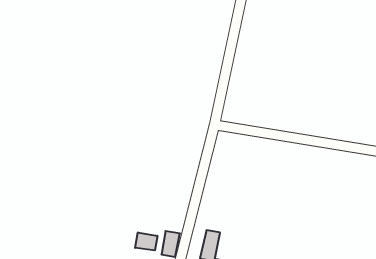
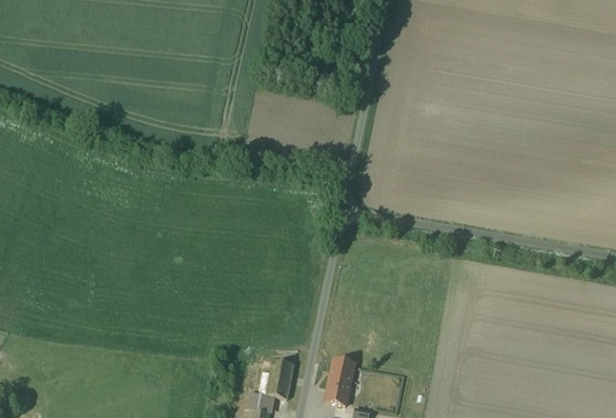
building: [135,232,157,250] -> none

